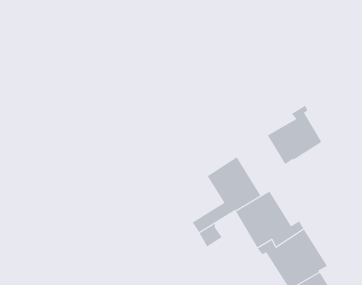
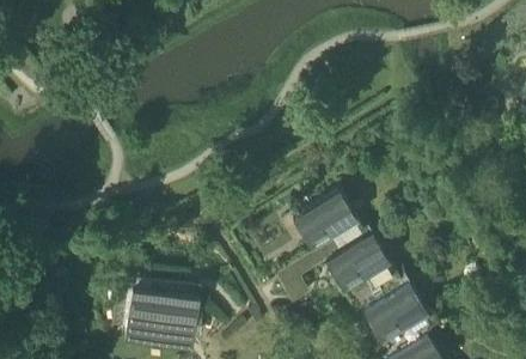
building: [267,105,322,165] -> none
building: none -> [126,284,201,347]

